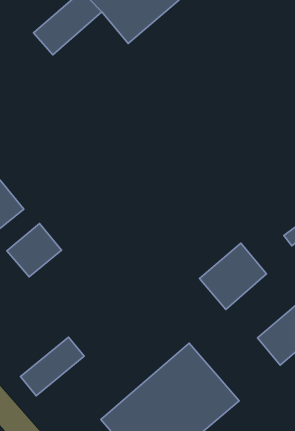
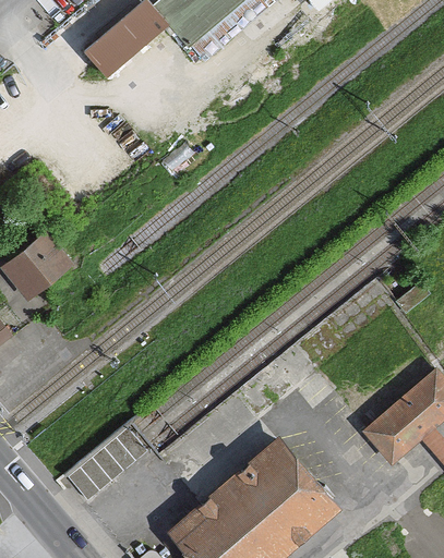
building: [7,224,62,277] -> none
building: [199,243,266,310] -> none

